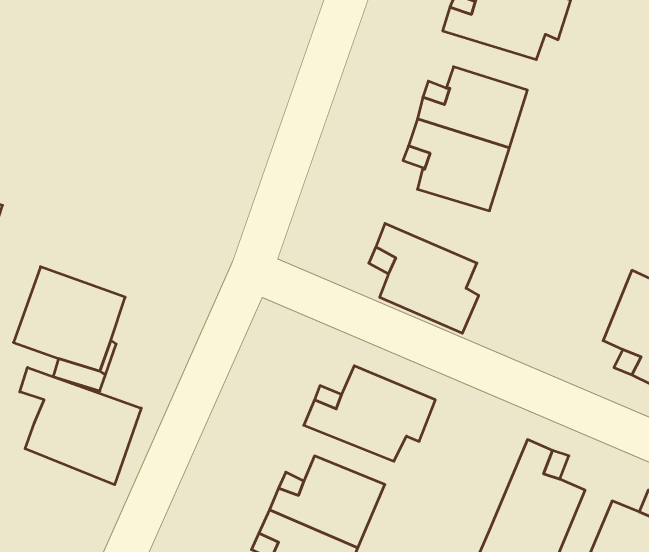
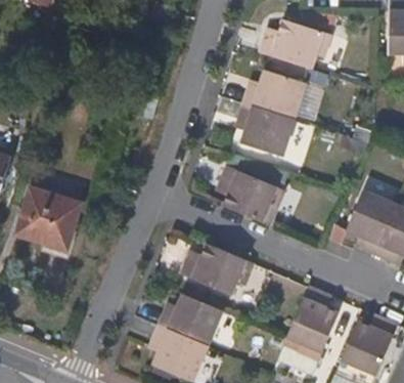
building: [20,367,141,485] -> none

